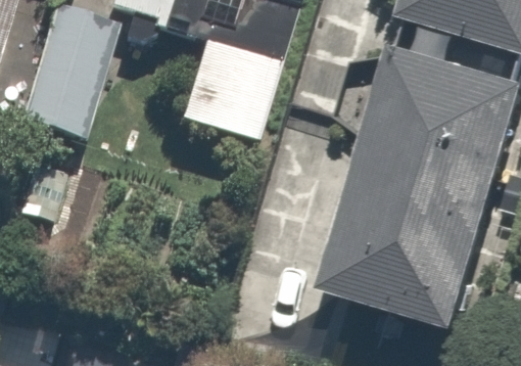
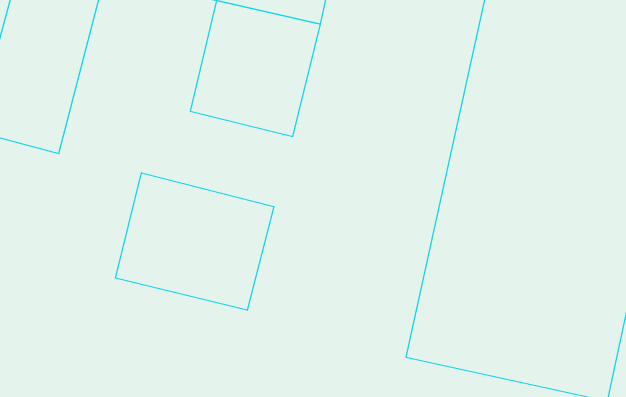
building: none -> [116,173,274,310]

